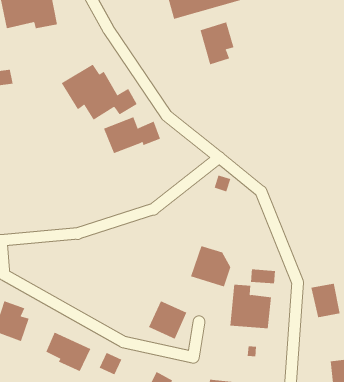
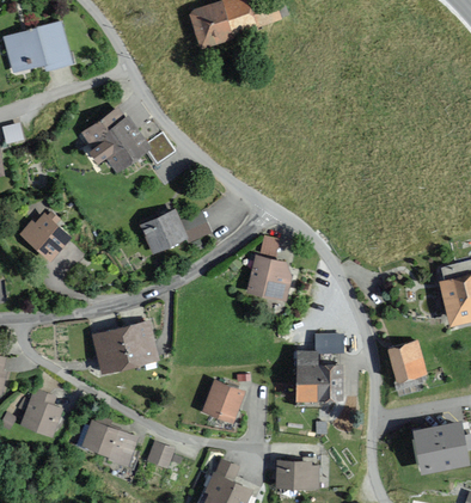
building: [200,22,234,65] -> none
building: [103,116,161,154] -> [141,208,209,253]
building: none -> [20,213,73,262]
building: [190,245,231,287] -> [247,256,294,302]
building: none -> [91,319,158,373]

